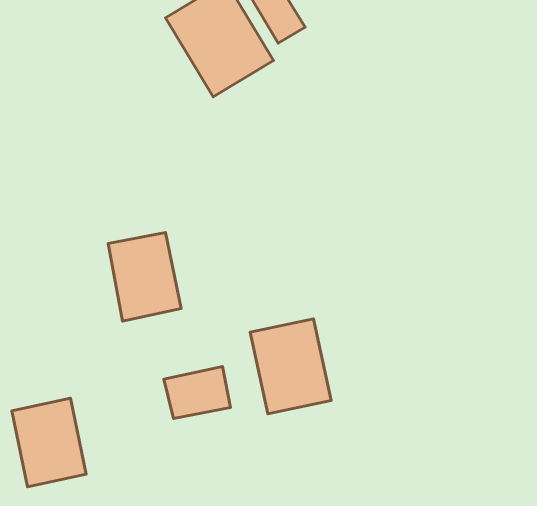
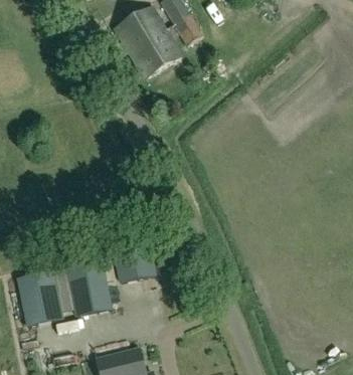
building: [108,232,181,321] -> [65,260,112,317]
building: [250,319,331,414] -> none

